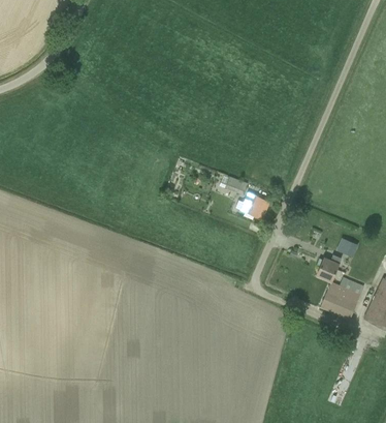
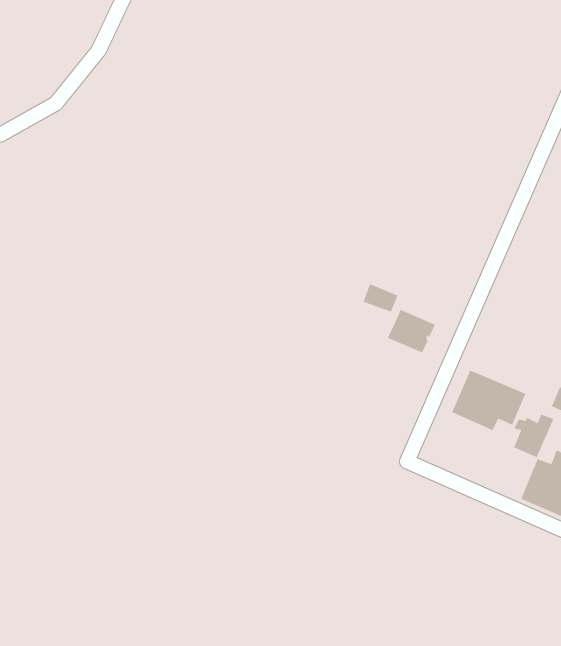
building: none -> [451,369,526,431]

